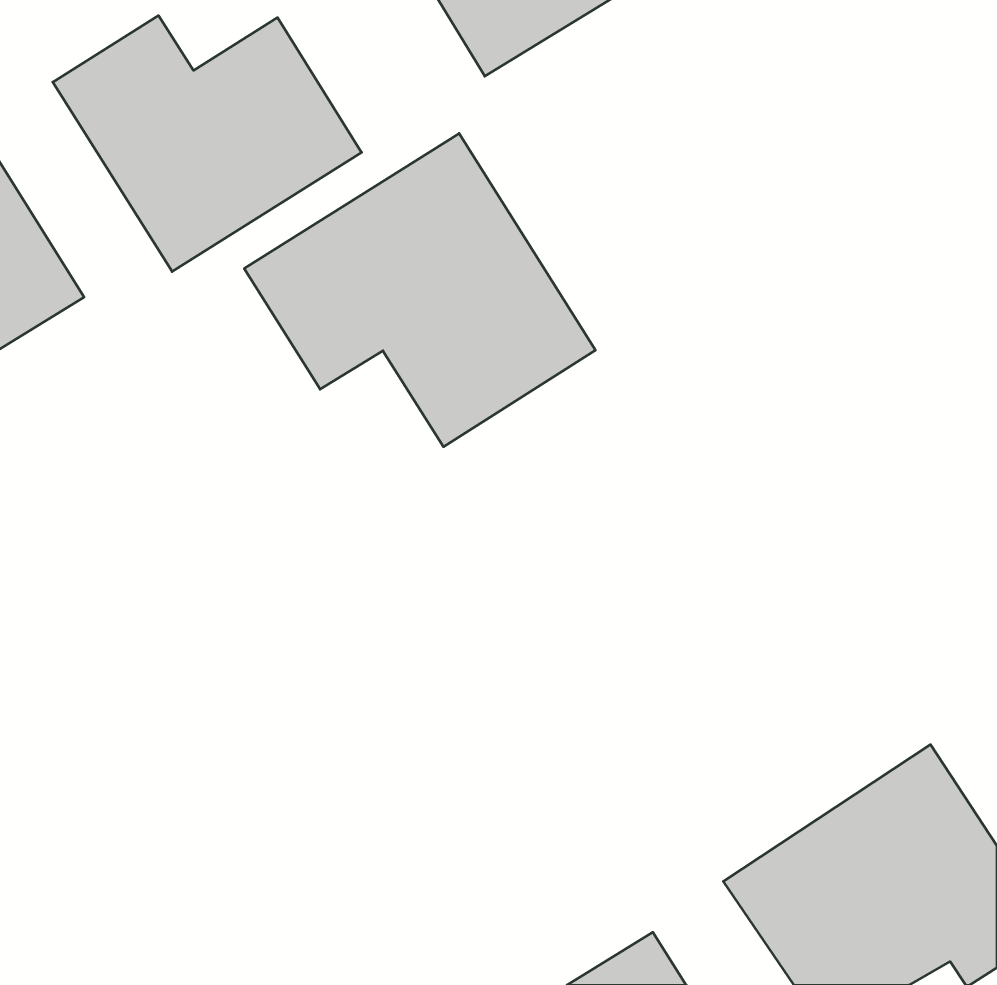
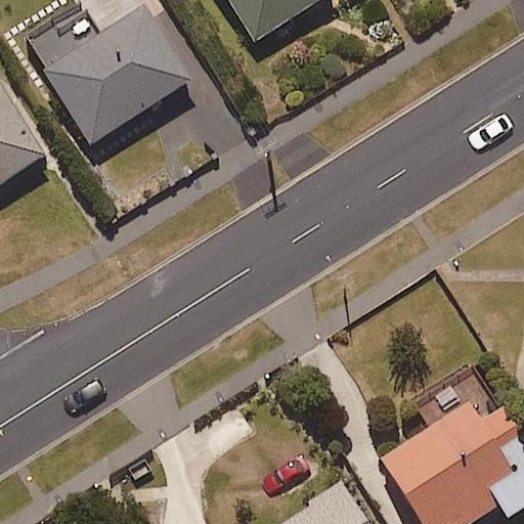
building: [244,133,595,447] -> none

